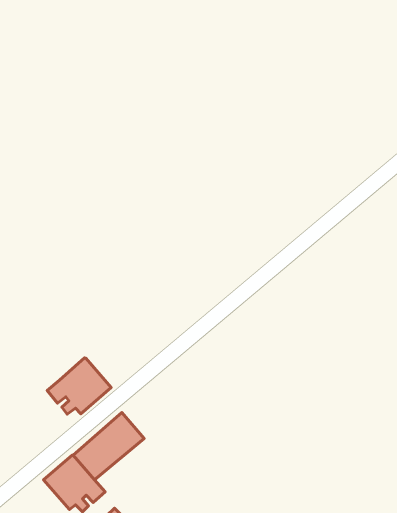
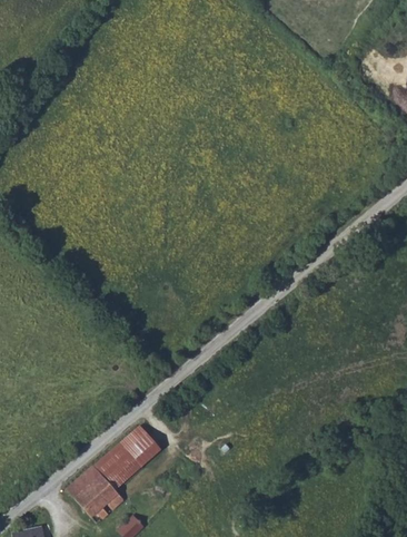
building: [47,358,111,414] -> none

